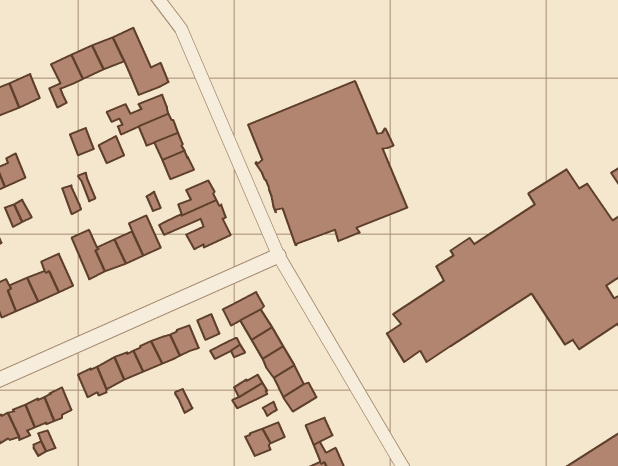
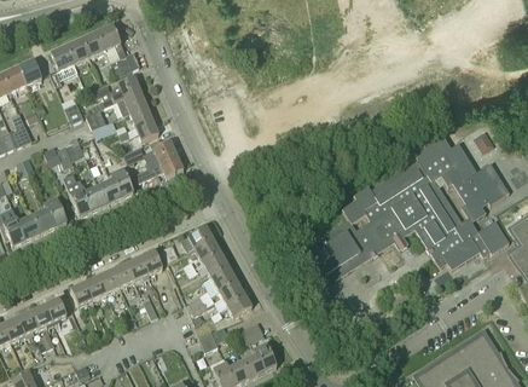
building: [248,81,407,245] -> none

